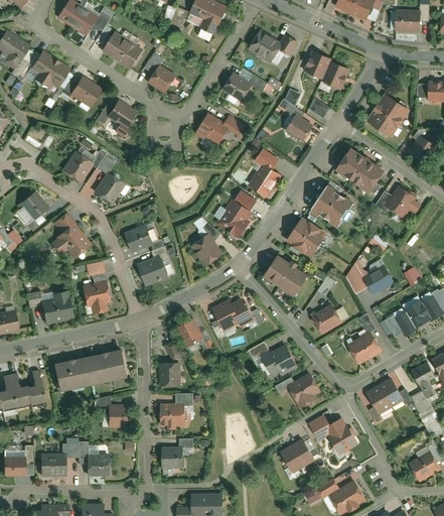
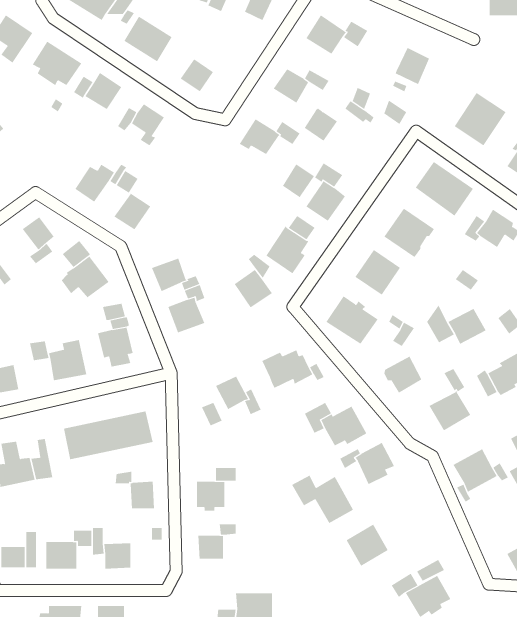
building: [303,45,331,76] -> none
building: [286,115,313,142] -> [304,108,338,142]
building: none -> [282,163,315,198]
building: [159,364,180,386] -> none
building: [309,416,359,456] -> [291,475,354,524]

